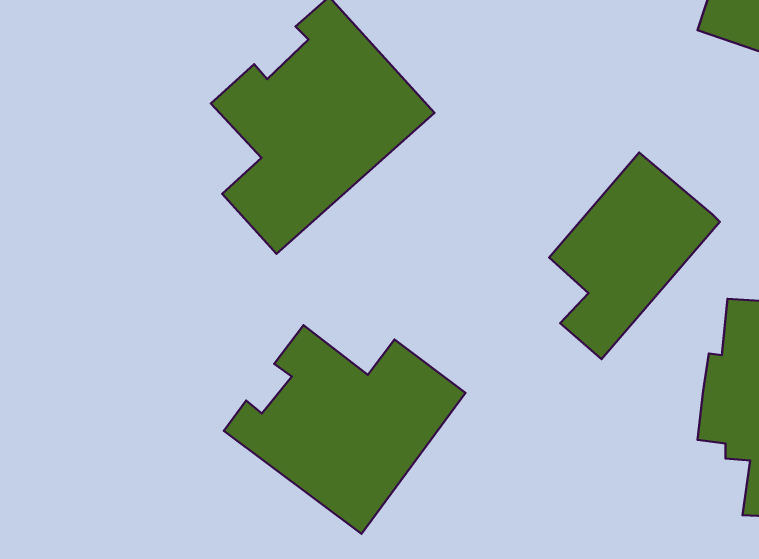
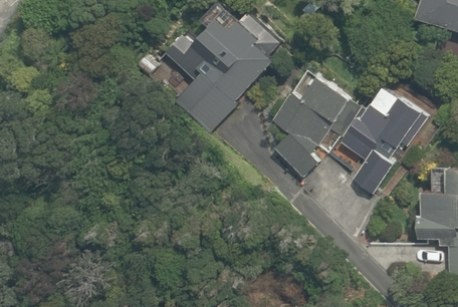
building: none -> [272,67,353,174]
building: [224,325,465,534] -> none

